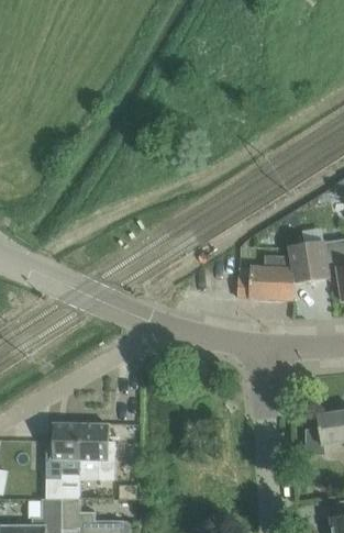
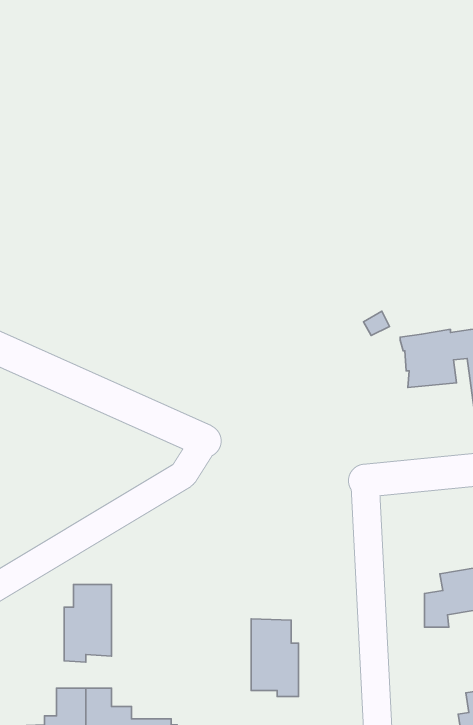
building: [237,256,296,300] -> none
building: [81,424,115,480] -> [251,619,299,697]

